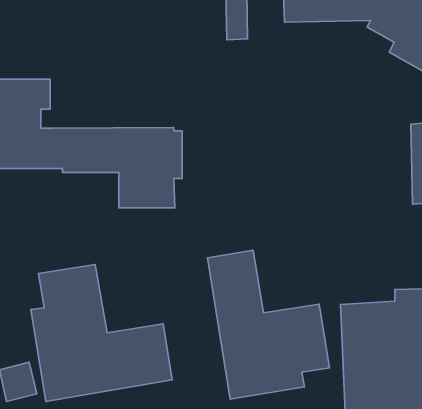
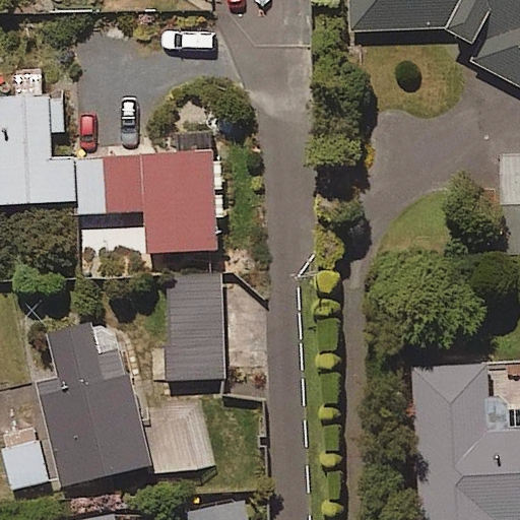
building: none -> [151,280,222,377]
building: [208,250,330,399] -> none

